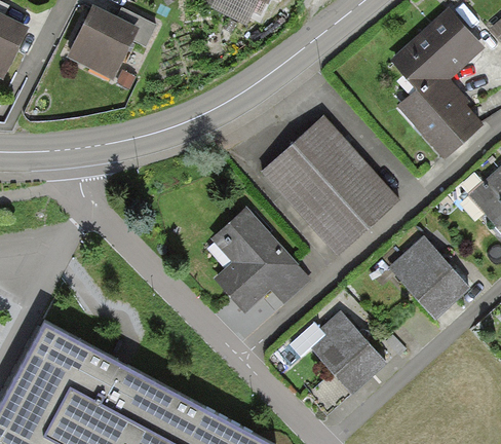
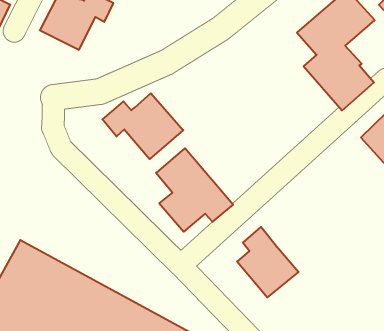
building: [261,114,401,257] -> none
building: none -> [102,93,183,159]
building: [387,234,471,321] -> none

